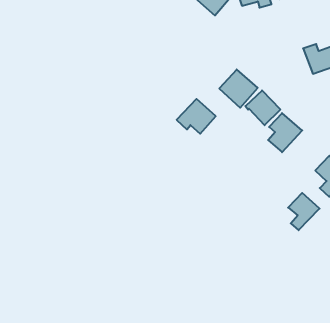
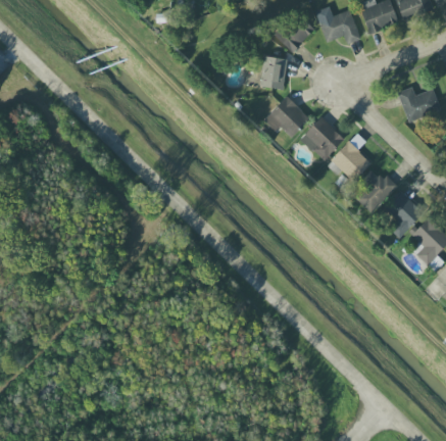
building: none -> [260,56,287,89]
building: [177,99,216,134] -> [263,96,309,137]
building: [288,193,320,230] -> [387,194,424,238]

